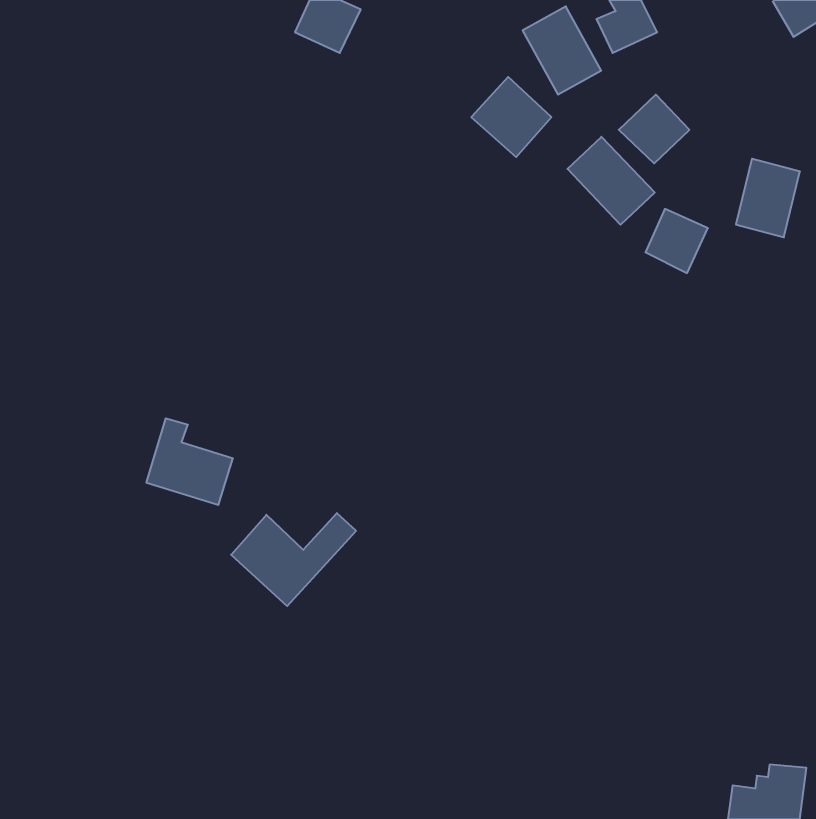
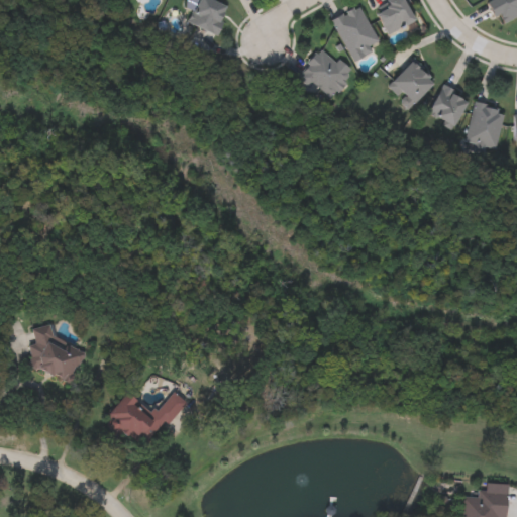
building: [567,137,655,225] -> none
building: [645,209,708,273] -> [430,85,470,125]
building: [146,418,233,505] -> [26,325,81,380]
building: [231,513,356,606] -> [106,391,185,449]

